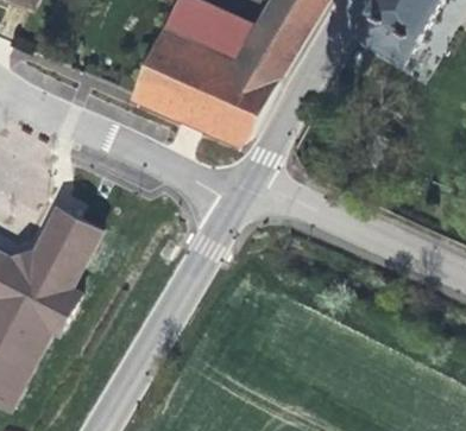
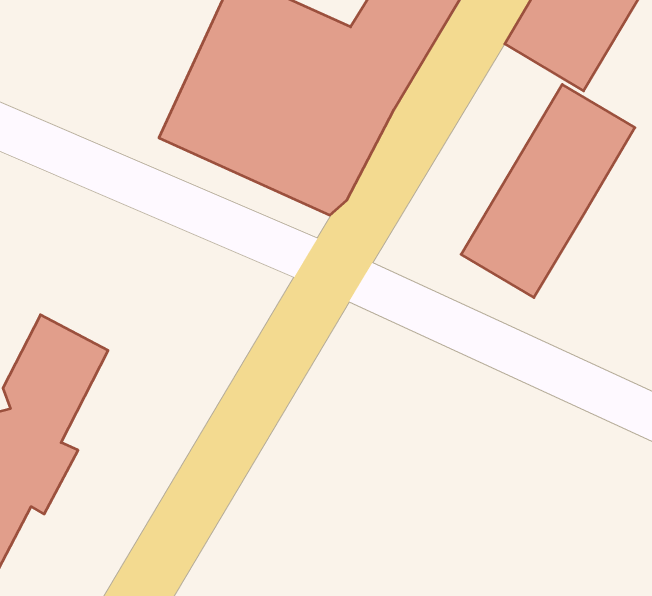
building: none -> [461,84,635,298]

